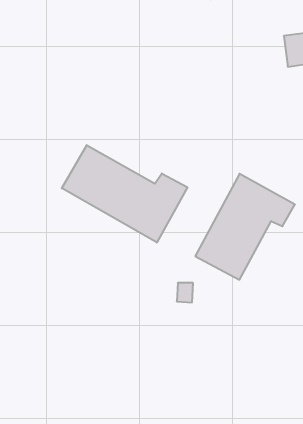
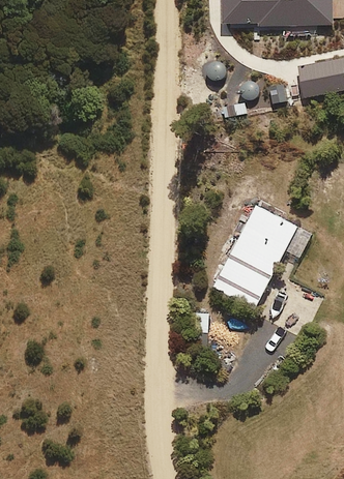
building: [62,145,187,243] -> none

